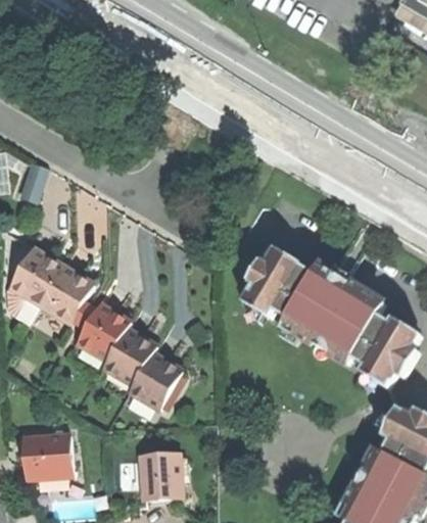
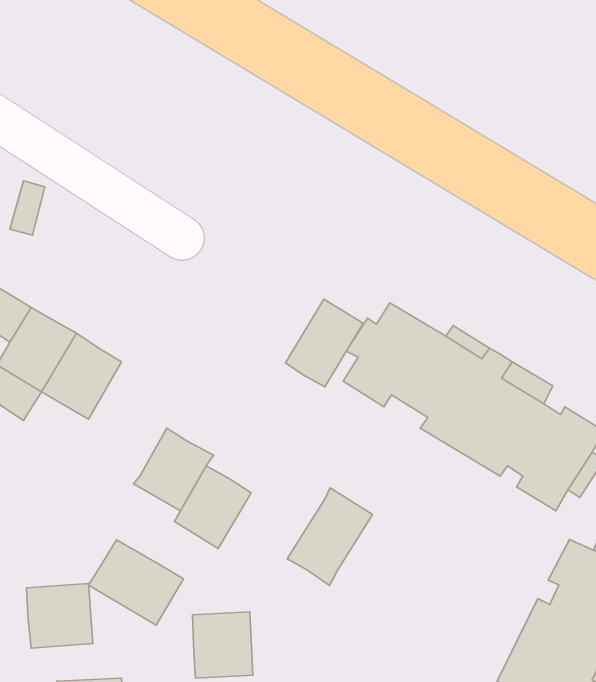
building: none -> [285,299,363,387]
building: [74,302,128,362] -> none
building: none -> [287,488,373,585]
building: none -> [89,540,183,625]

